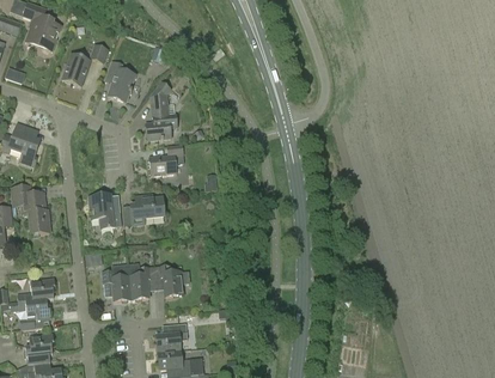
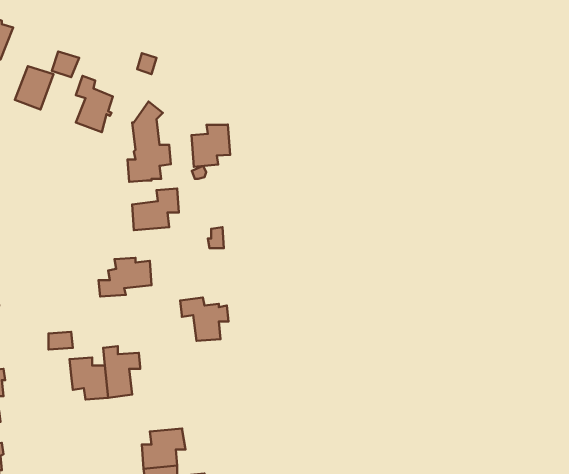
building: none -> [191,125,230,167]
building: [87,195,121,227] -> none
building: [153,264,189,297] -> [180,297,229,341]

